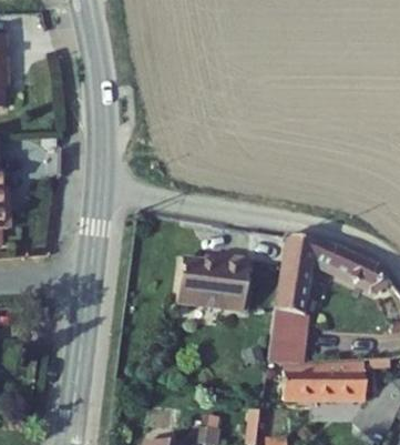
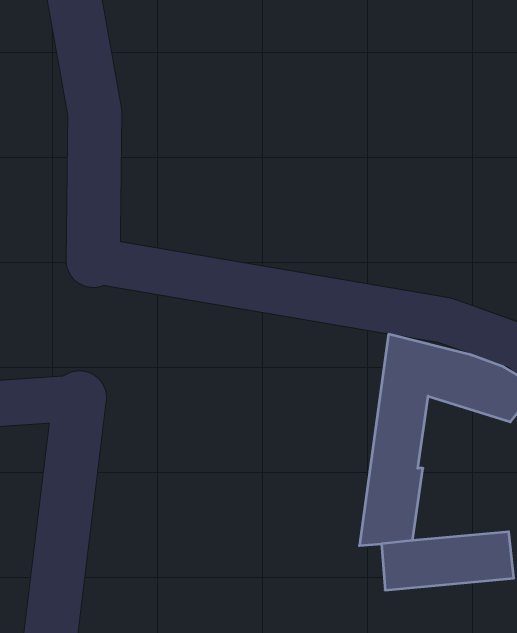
building: [174,252,248,310] -> none

